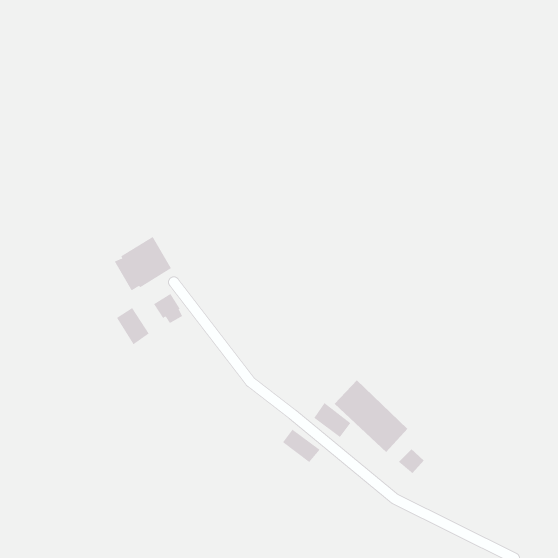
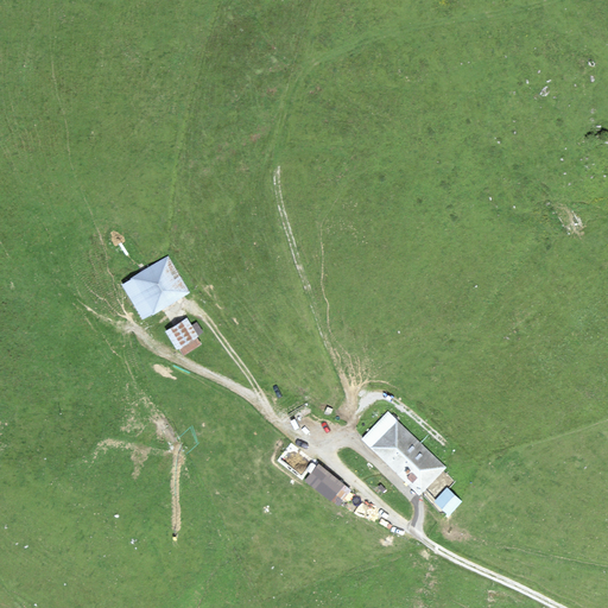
building: [116,307,150,345] -> none
building: [313,402,351,438] -> none

